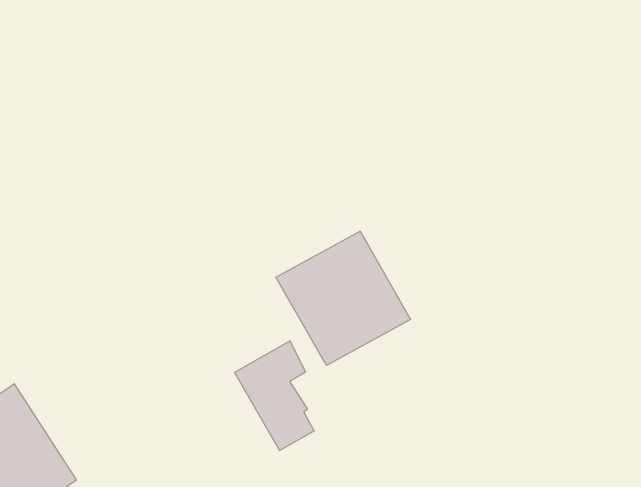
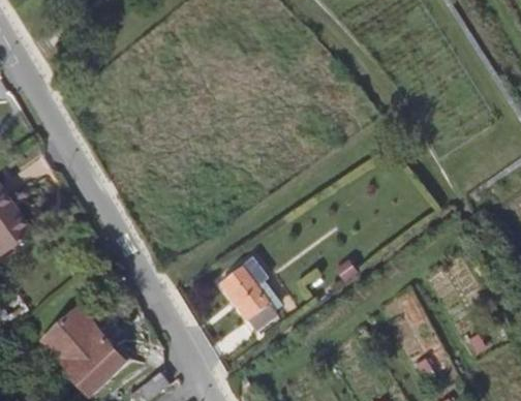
building: [276,231,411,365] -> none

